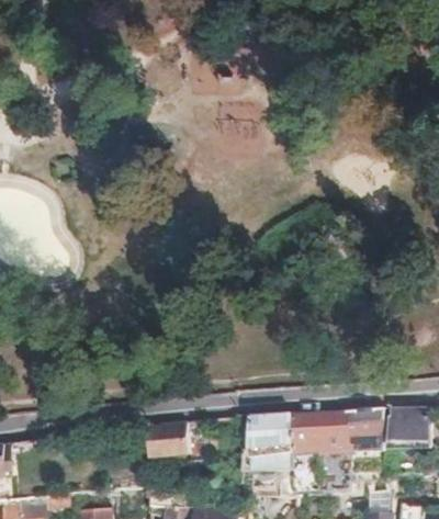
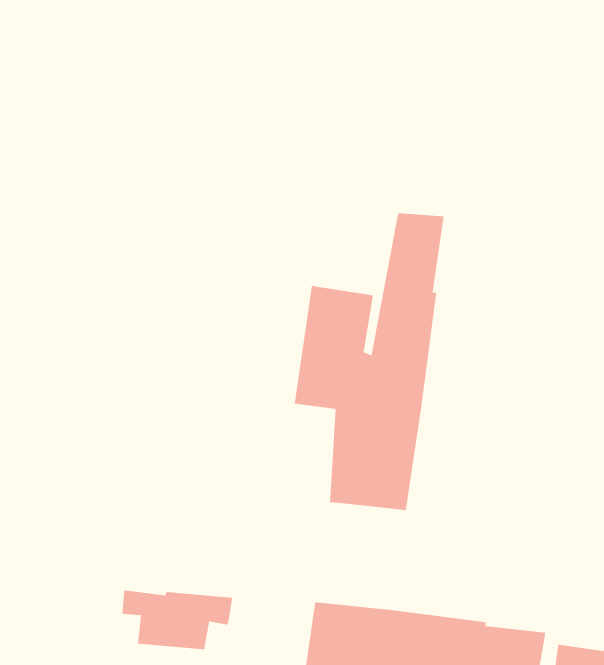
building: none -> [294,212,444,511]

